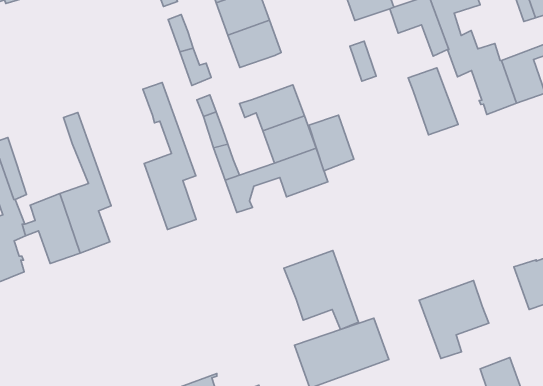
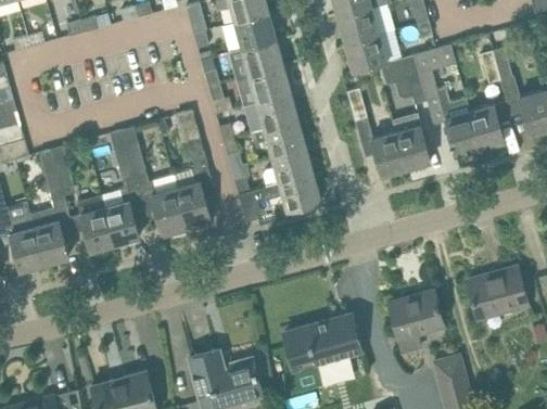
building: none -> [255,93,297,130]
building: none -> [120,127,187,239]
building: [309,115,354,171] -> [370,132,405,177]
building: [284,250,359,330] -> none

